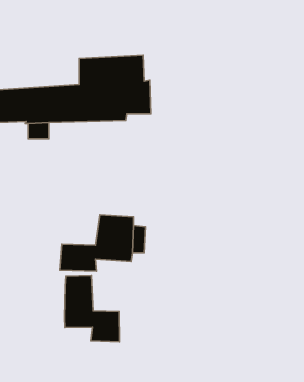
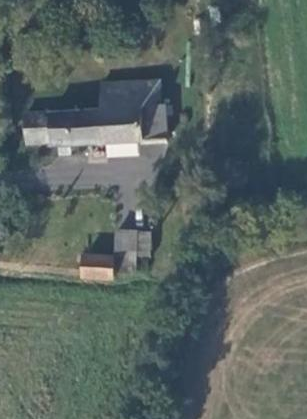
building: [64,275,119,342] -> none

